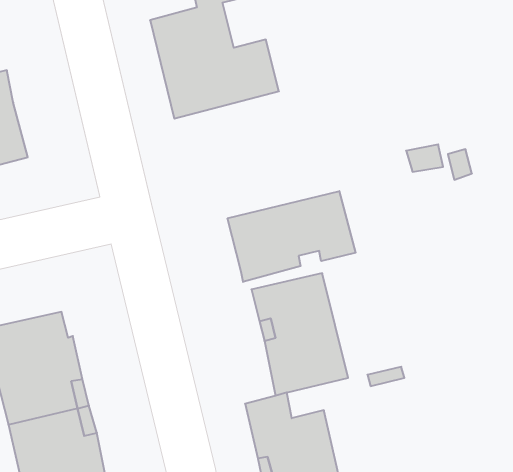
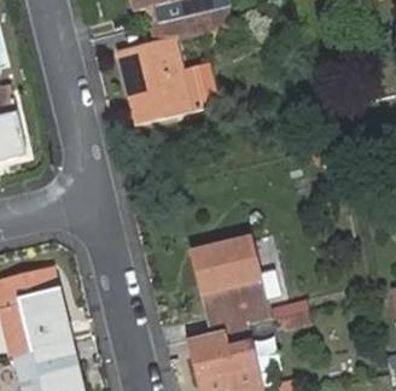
building: [228,191,356,282] -> none

